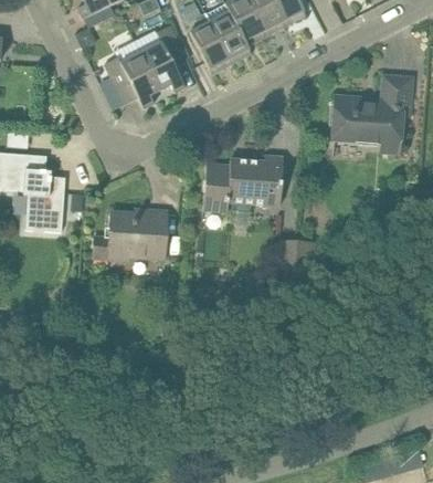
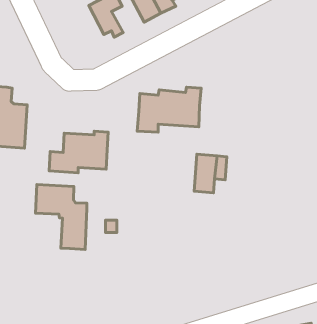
building: [104,51,160,107] -> none
building: [331,74,411,150] -> none
building: none -> [35,185,87,249]

